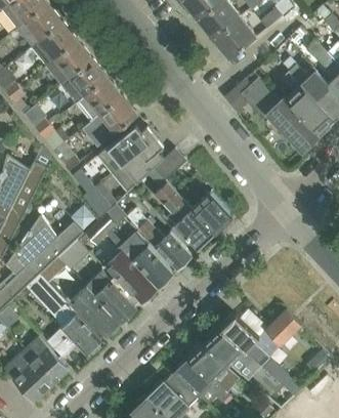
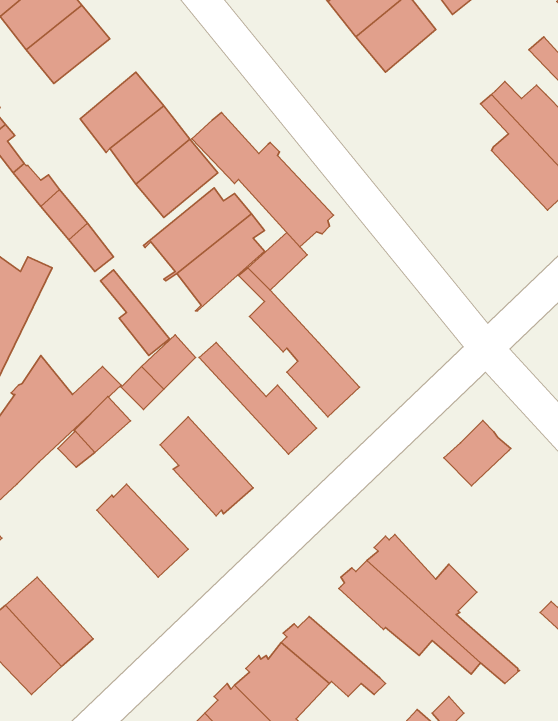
building: [47,42,92,86] -> none
building: [241,80,319,154] -> [192,113,333,247]
building: [193,193,232,234] -> none
building: [119,233,173,289] -> none
building: [86,271,136,323] -> none
building: [27,275,101,356] -> none
building: [264,310,301,346] -> [444,421,511,486]
building: [187,344,240,393] -> none

